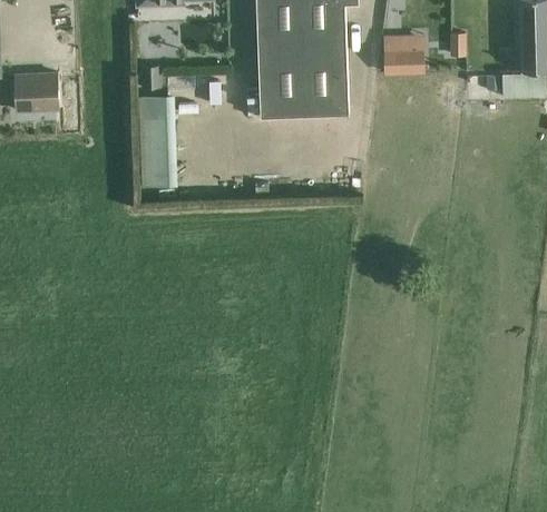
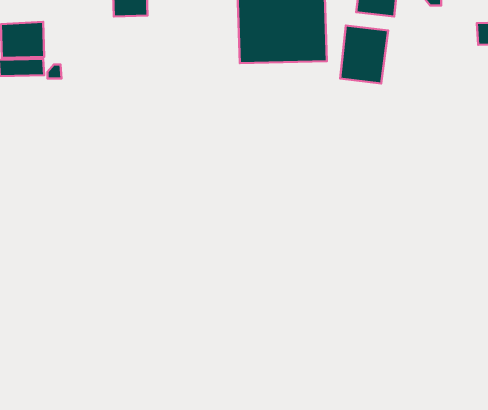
building: none -> [340,26,388,83]
building: [139,96,178,186] -> none

